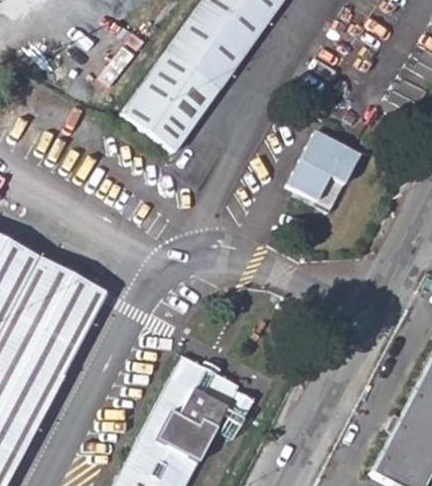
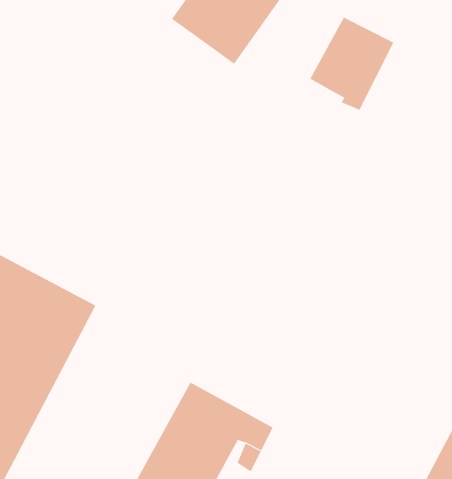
building: [121,47,223,152] -> none
building: [287,130,359,211] -> [309,17,394,111]

